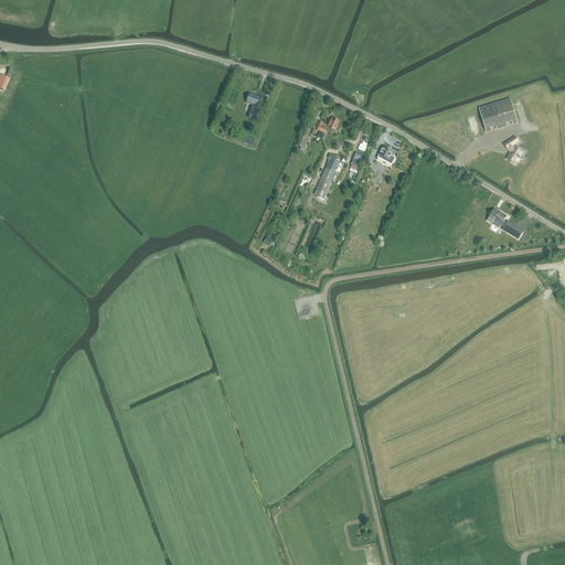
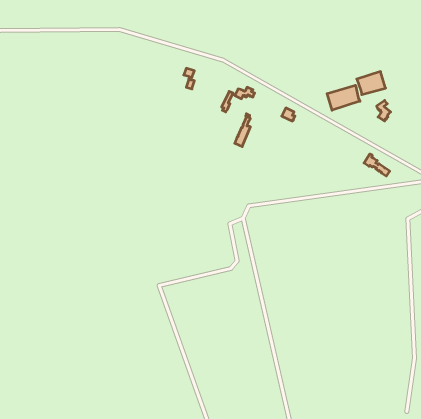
building: none -> [327,85,360,110]

